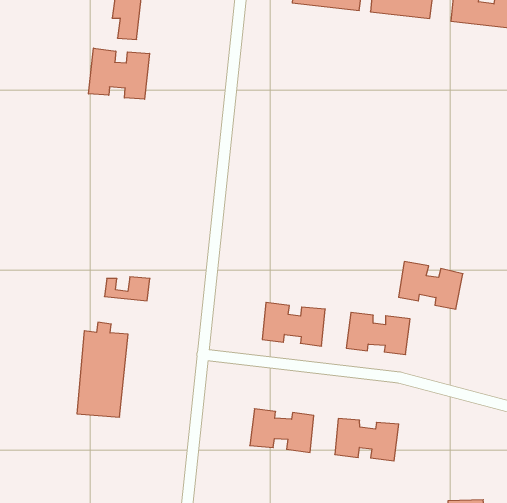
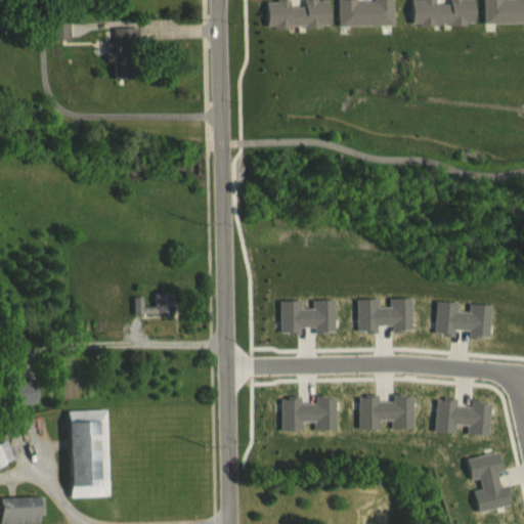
building: [89,48,150,99] -> none
building: [399,262,463,309] -> [436,302,491,339]
building: [77,322,128,417] -> [68,413,110,498]
building: none -> [436,399,492,436]

